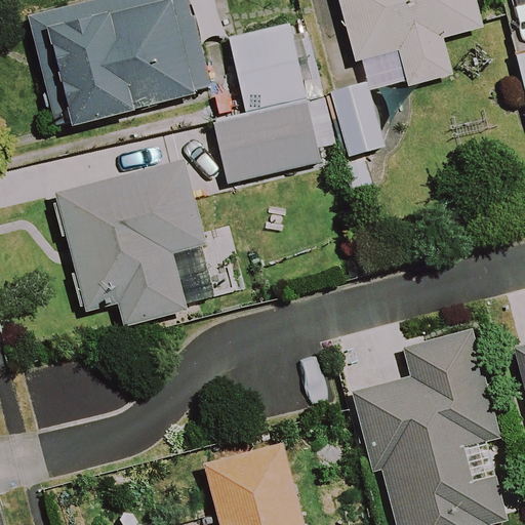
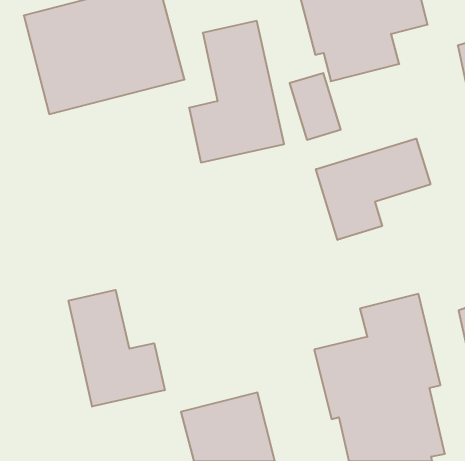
building: none -> [316,139,430,240]
building: [55,160,207,325] -> none
building: none -> [69,290,165,407]

